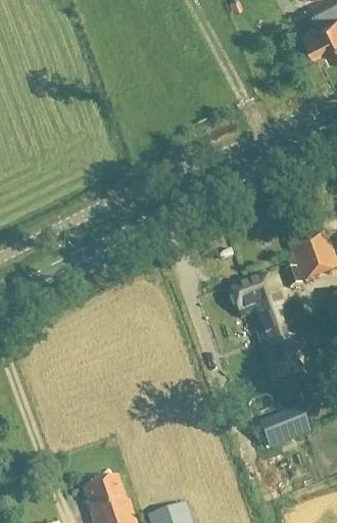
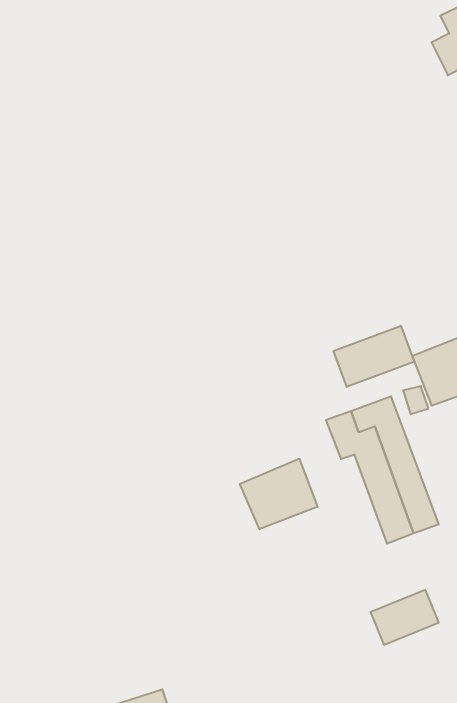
building: none -> [333,326,414,387]
building: none -> [240,459,317,529]

